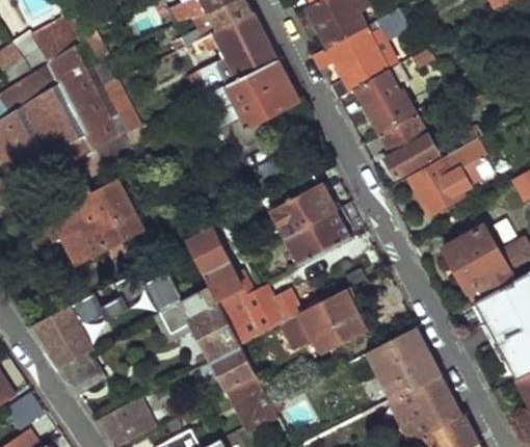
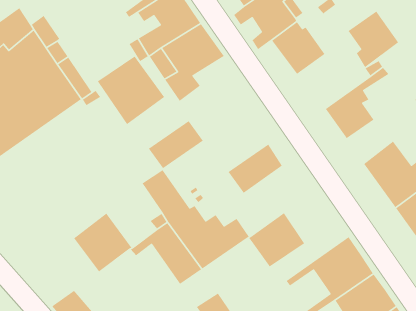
building: none -> [97,55,165,125]
building: [379,113,438,179] -> [348,10,399,68]
building: [34,179,138,265] -> none
building: [270,183,337,236] -> [148,120,204,169]
building: [32,293,104,367] -> none
building: [213,346,257,389] -> none

